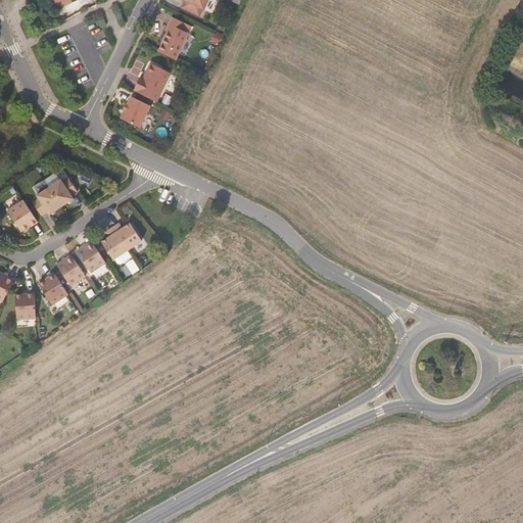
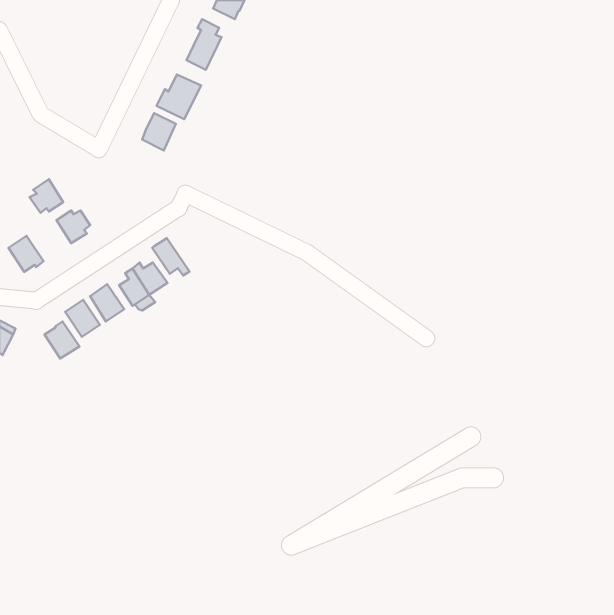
building: [32,187,60,216] -> [30,179,63,213]
building: none -> [152,238,189,276]
building: [14,292,35,320] -> none

